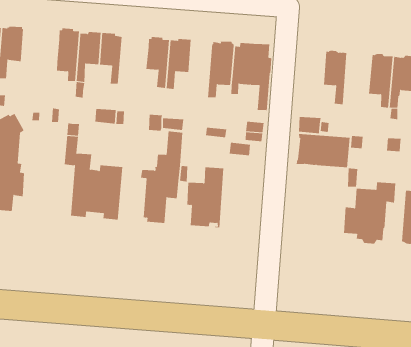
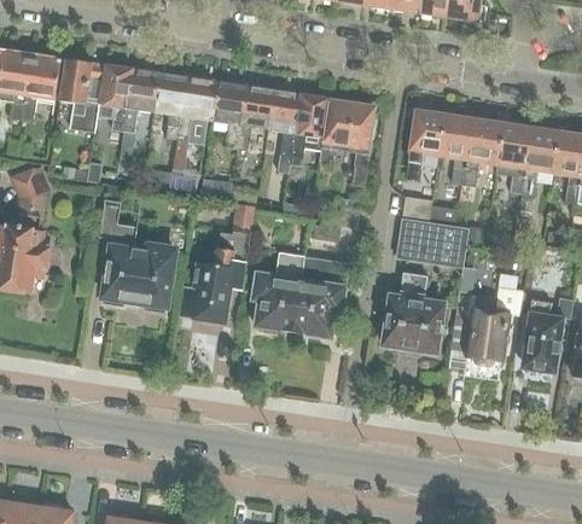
building: none -> [59,58,105,133]
building: none -> [173,77,219,170]
building: none -> [268,88,299,173]
building: none -> [407,109,444,181]
building: none -> [462,120,504,187]
building: none -> [293,256,349,338]
building: none -> [383,273,443,354]

